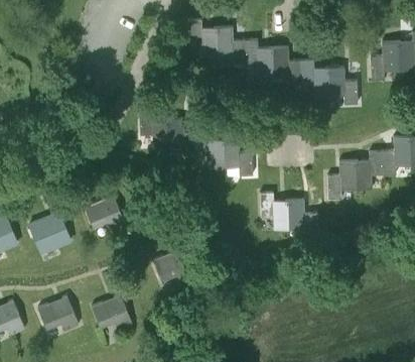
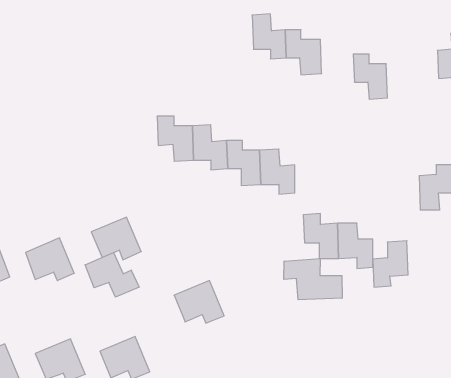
building: [187,20,218,57] -> none
building: [273,47,301,85] -> none
building: [327,68,358,105] -> none
building: [326,161,356,200] -> [373,241,408,287]
building: none -> [85,253,139,297]
building: none -> [284,259,342,300]

